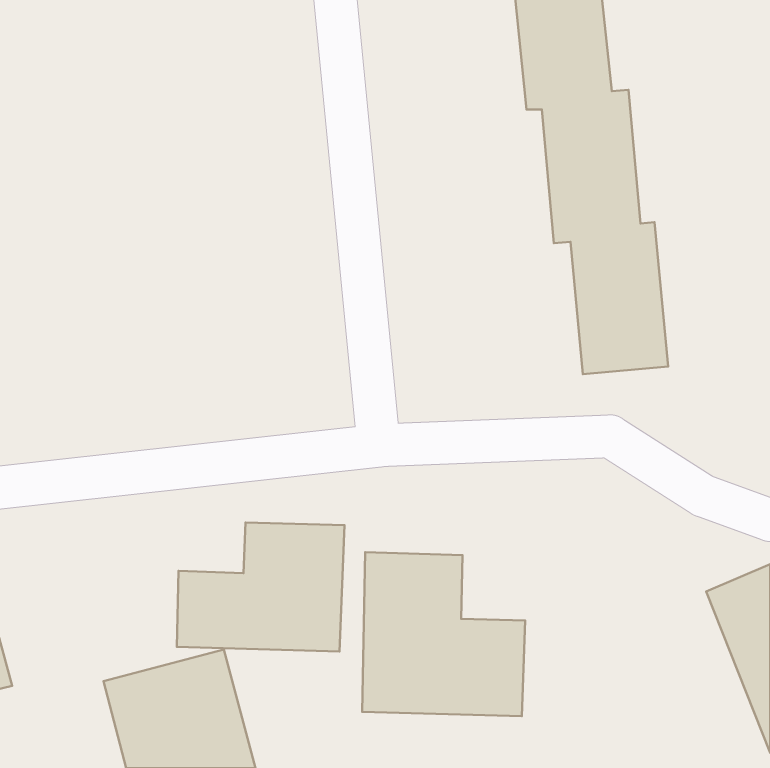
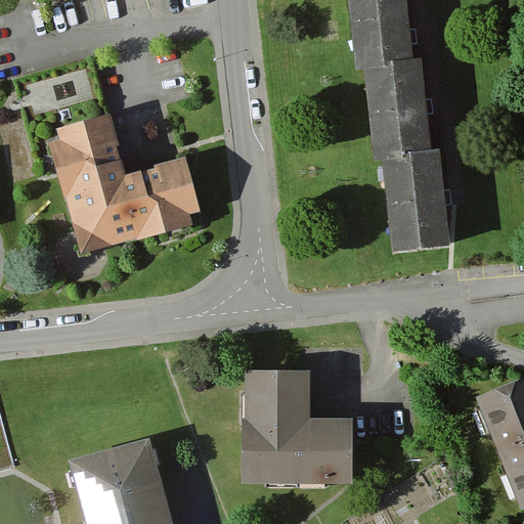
building: none -> [48,116,200,255]
building: [177,522,345,652] -> none

